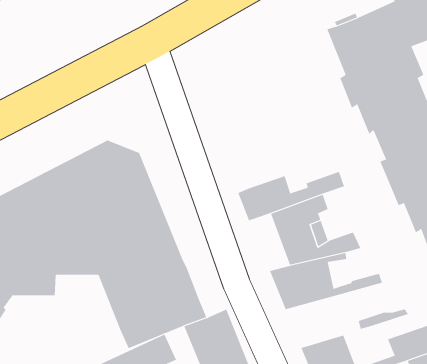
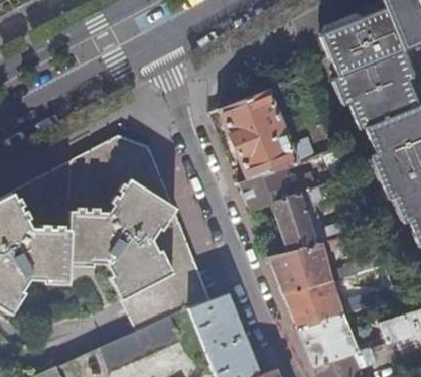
building: none -> [220,91,313,181]
building: none -> [283,281,346,330]

